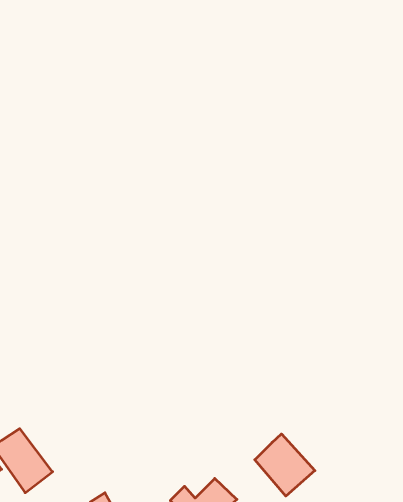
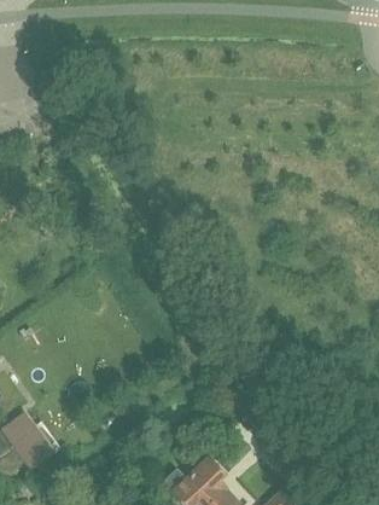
building: [255,434,315,496] -> none

